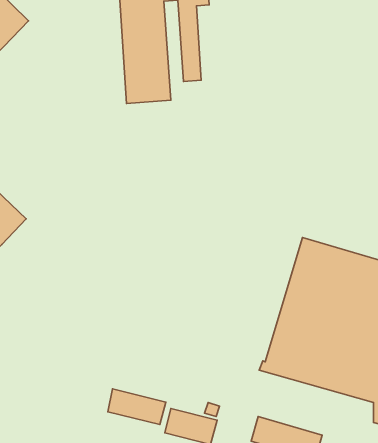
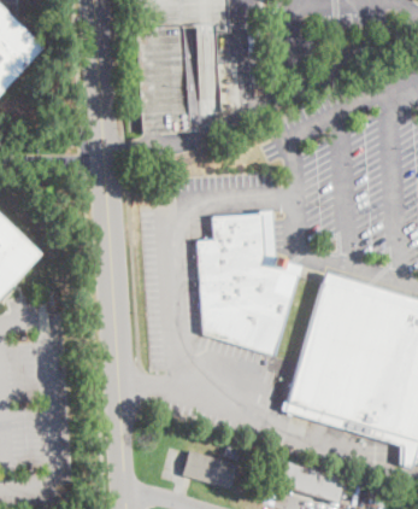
building: none -> [196,210,301,356]
building: [108,389,166,425] -> none

